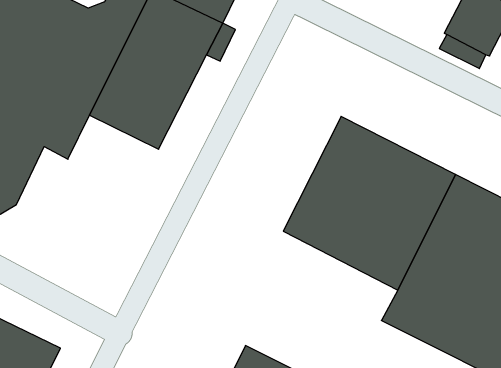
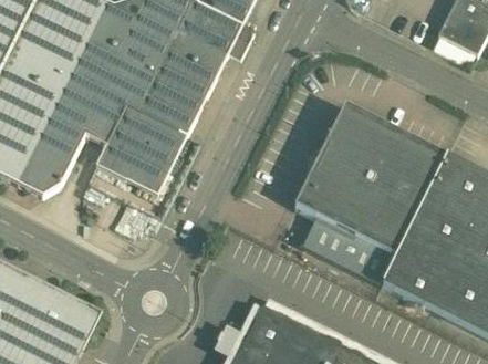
building: none -> [95,103,186,193]
building: none -> [303,216,396,283]

